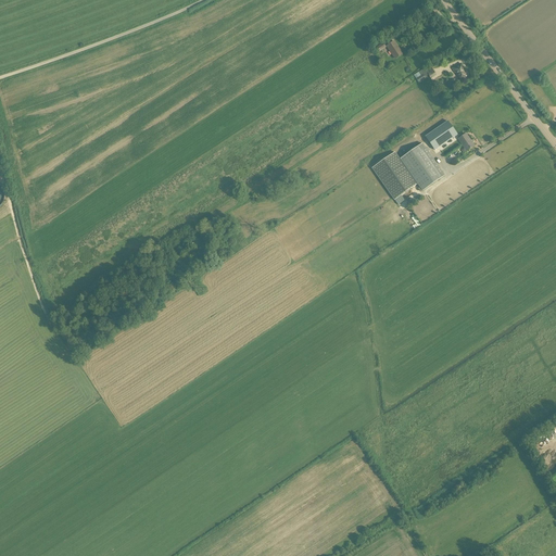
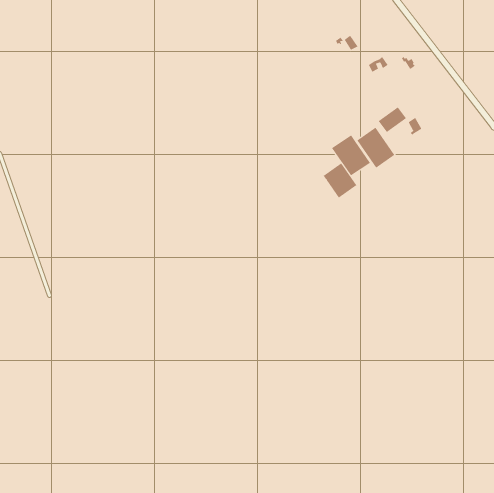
building: none -> [323,163,357,199]

